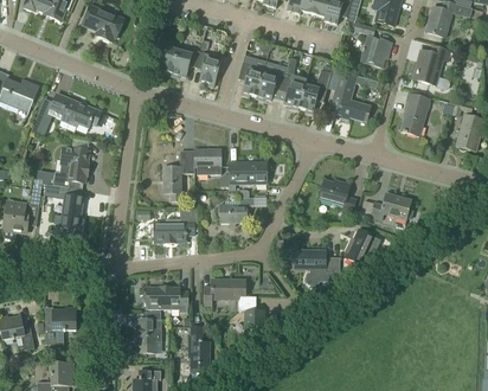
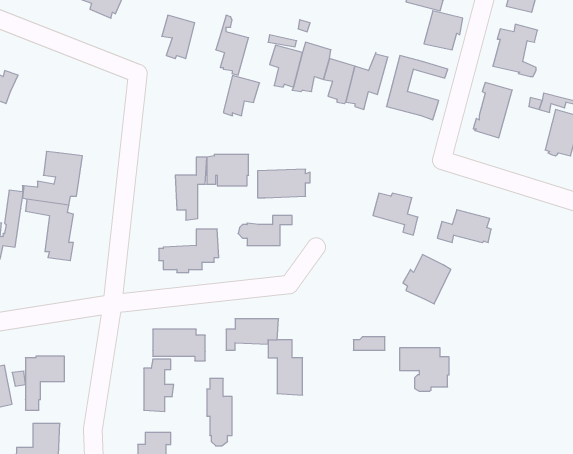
building: [172,45,200,77] -> [224,75,260,116]
building: [39,94,101,127] -> none
building: [294,250,333,284] -> [400,348,449,391]

